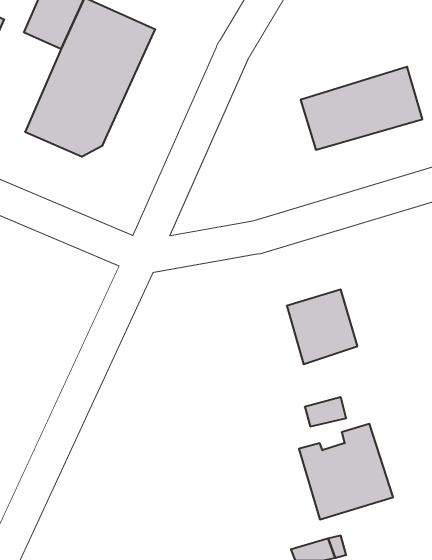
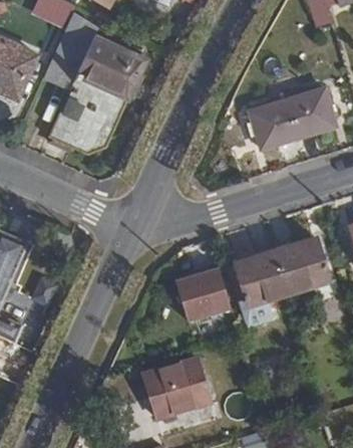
building: none -> [278,237,328,290]
building: none -> [173,266,230,322]
building: [299,424,393,519] -> [143,351,212,420]

